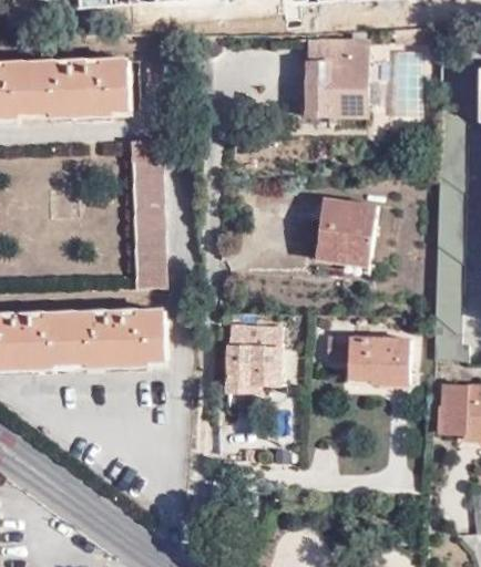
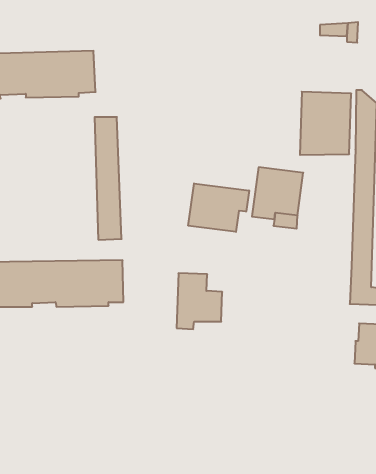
building: [307,40,368,115] -> [300,92,351,155]
building: none -> [188,183,249,232]
building: [326,337,410,384] -> none

